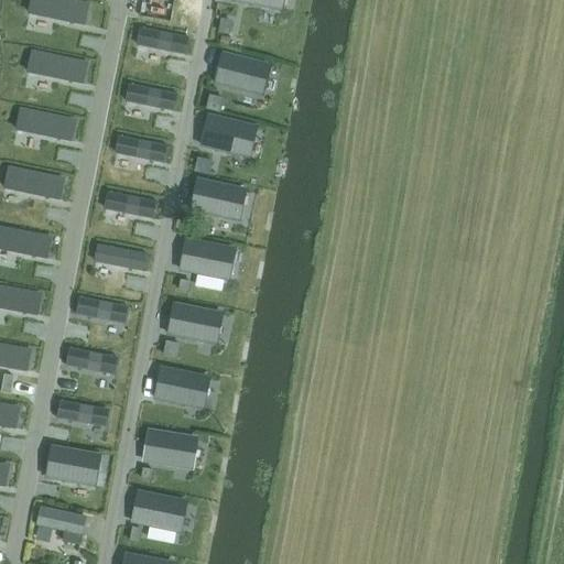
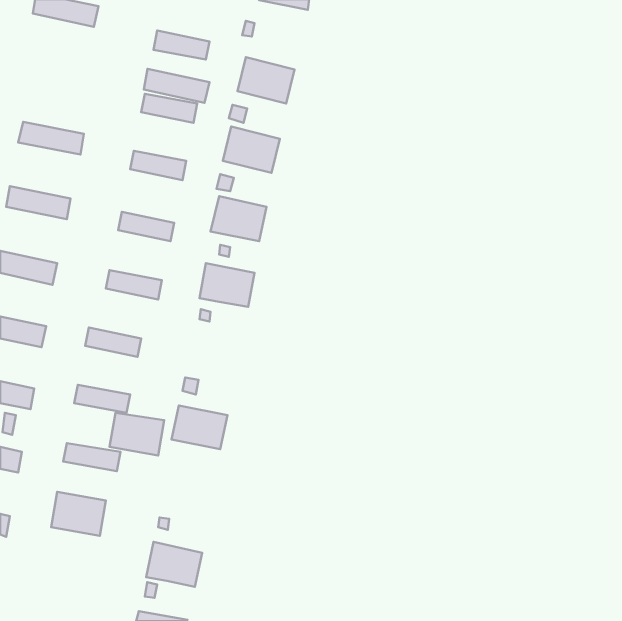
building: [29,52,88,83] -> [144,69,210,103]
building: [169,302,219,343] -> none
building: [143,430,193,468] -> [110,413,164,455]
building: [37,506,87,545] -> none

